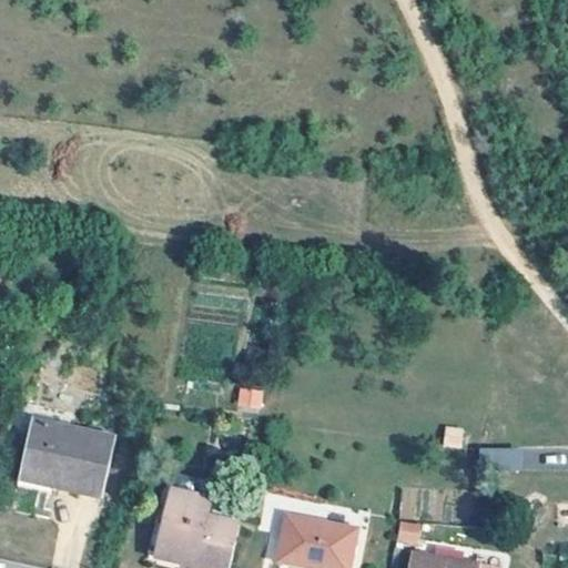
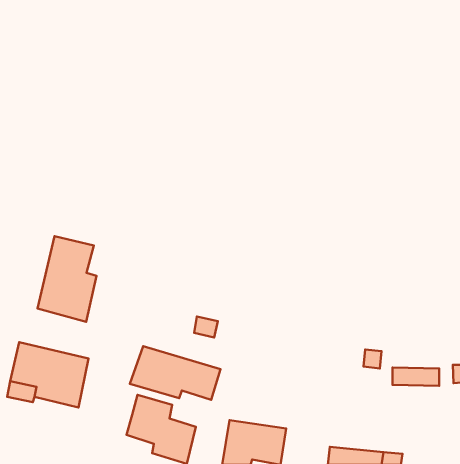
building: none -> [37,236,96,322]
building: none -> [130,346,220,400]
building: [148,504,194,562] -> none

